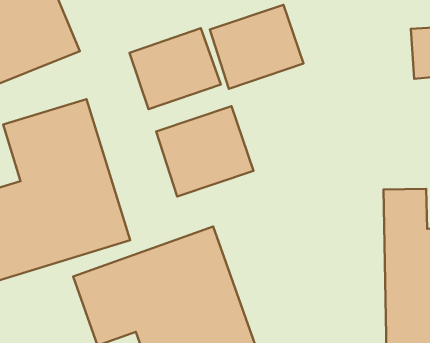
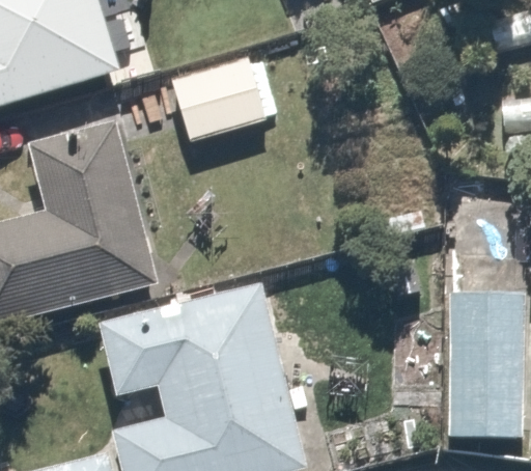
building: [210,5,304,89] -> none
building: [156,106,254,197] -> none

